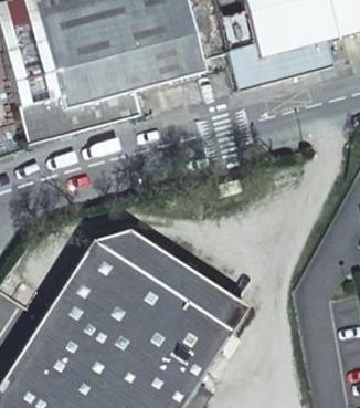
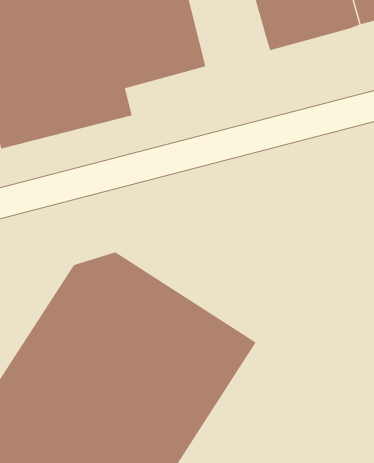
building: [230,36,335,87] -> none

